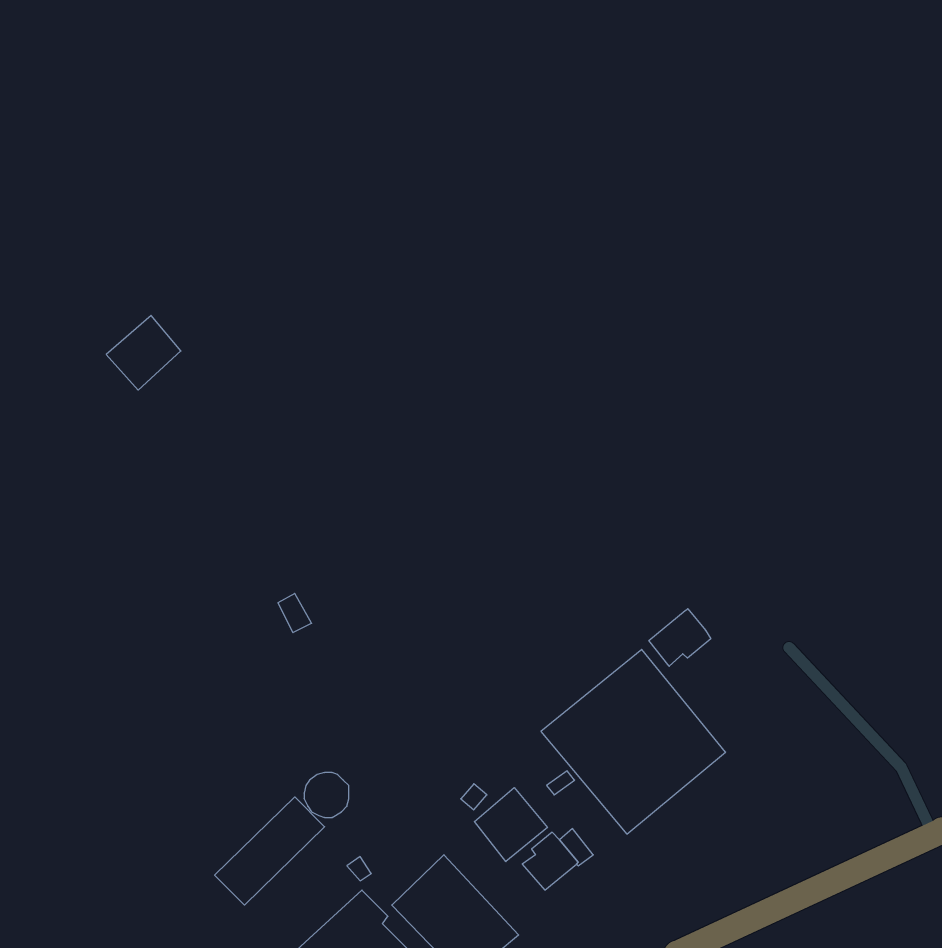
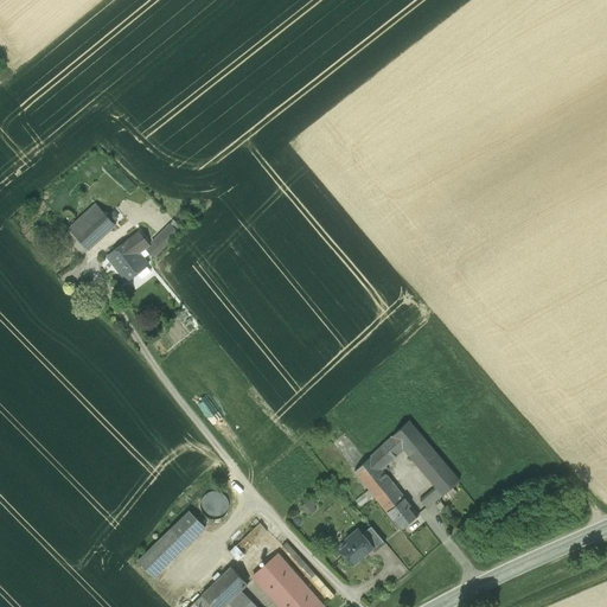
building: none -> [104,236,152,287]
building: [649,609,711,666] -> none
building: [474,788,547,862] -> none

